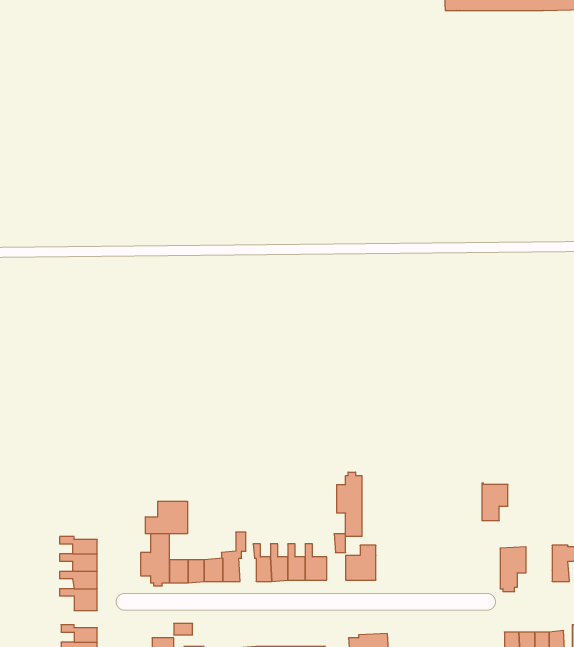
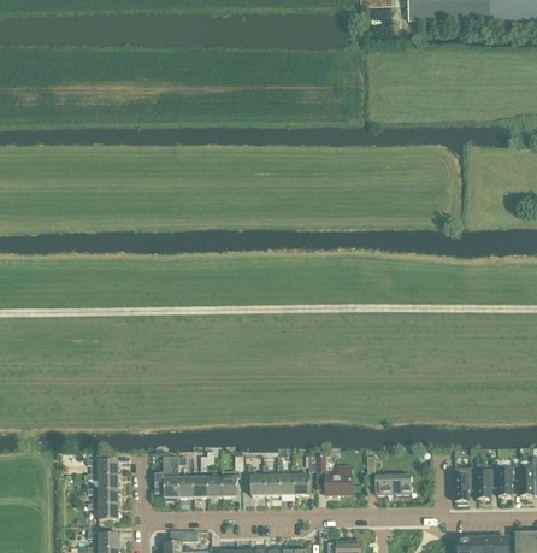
building: [337,472,362,536] -> none
building: [482,483,508,521] -> [476,465,497,496]
building: [145,501,187,534] -> none
building: none -> [376,471,411,492]

